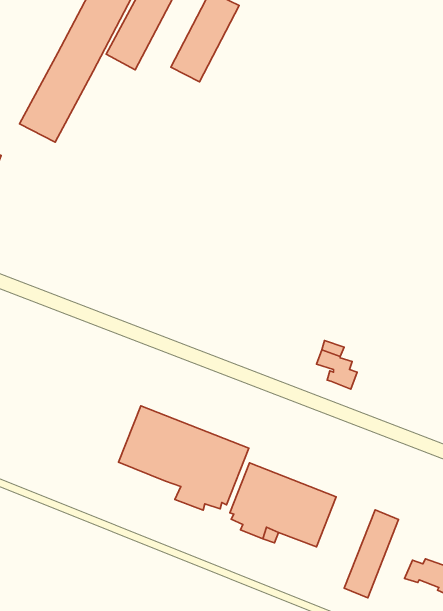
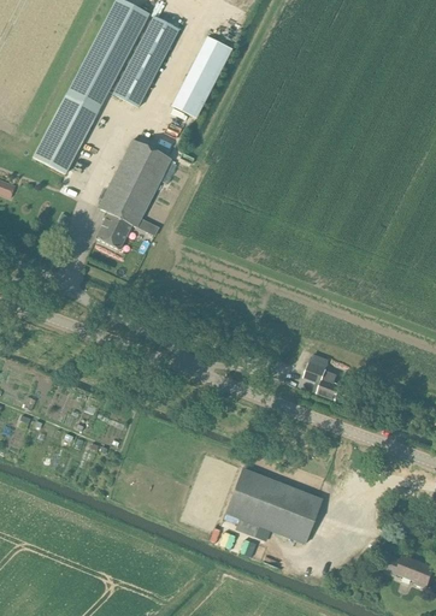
building: none -> [95,138,177,249]
building: [119,406,249,510] -> none
building: [344,510,399,598] -> none

